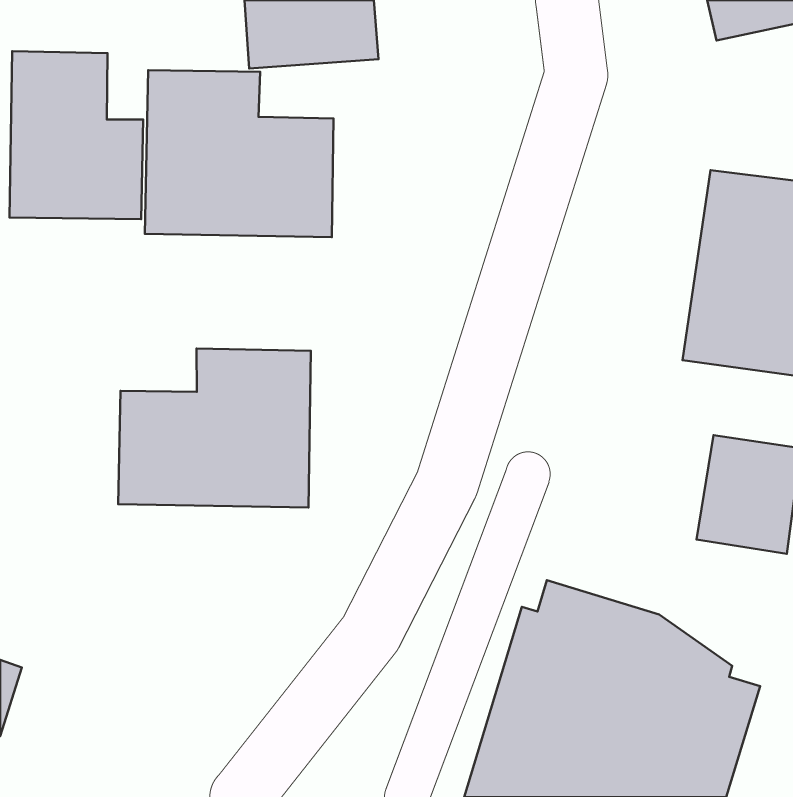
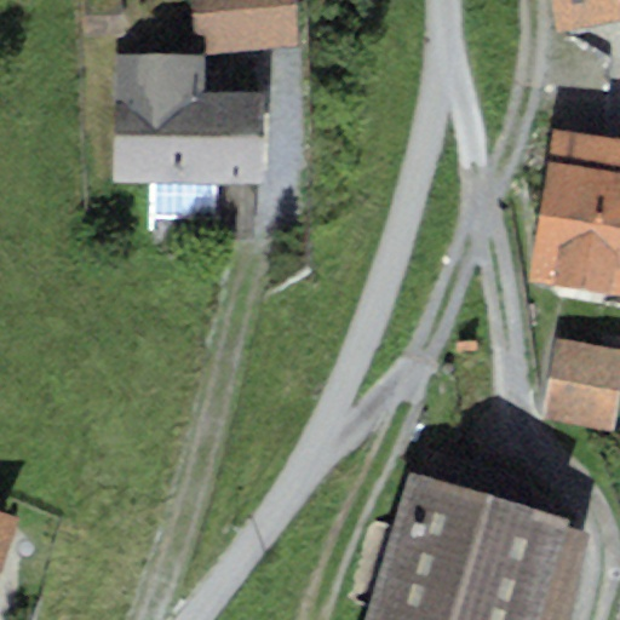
building: [9,51,143,219] -> none
building: [118,348,311,507] -> none

